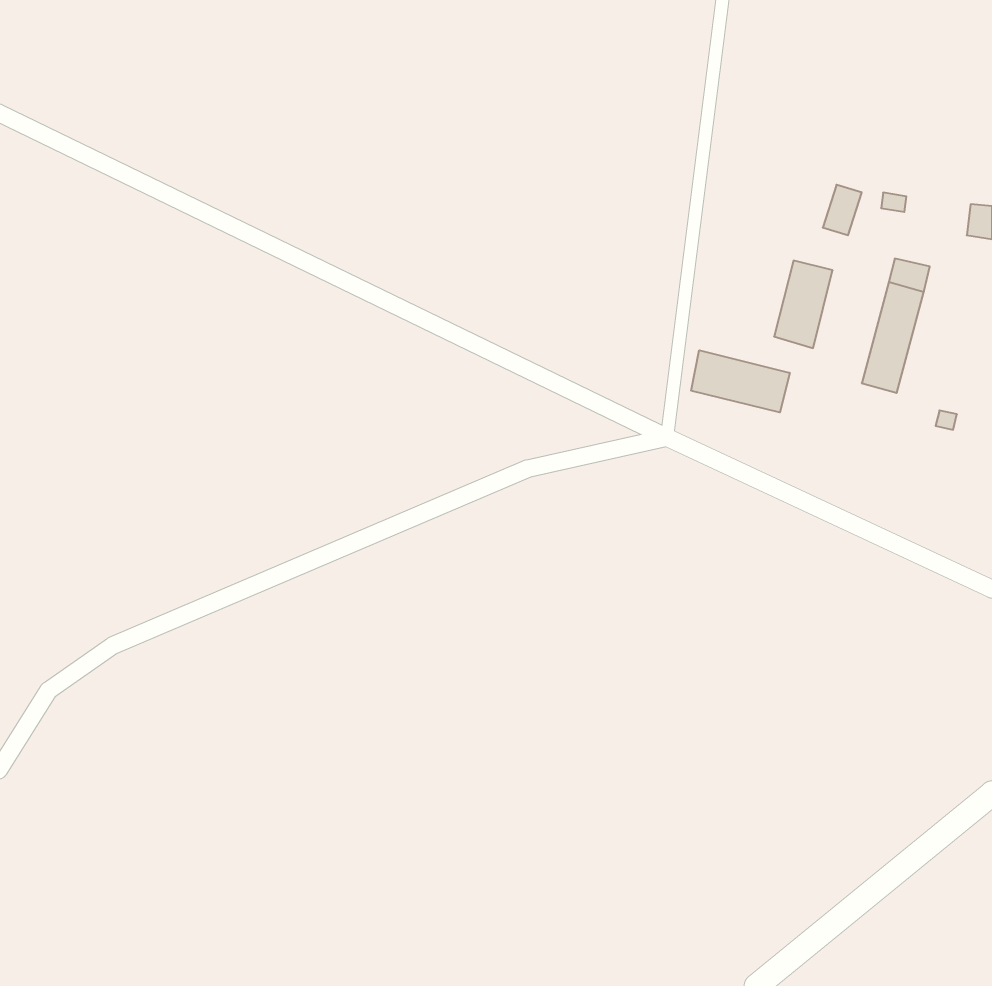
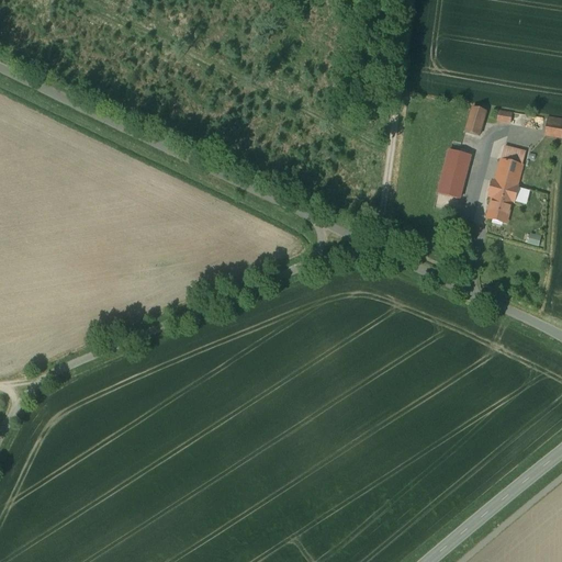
building: [691,350,790,412] -> none

